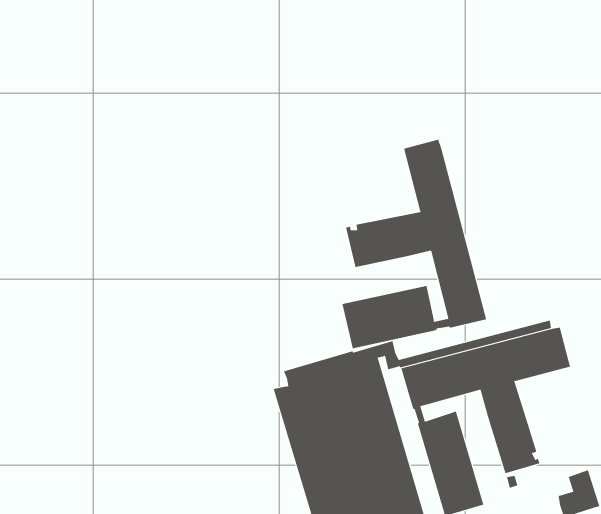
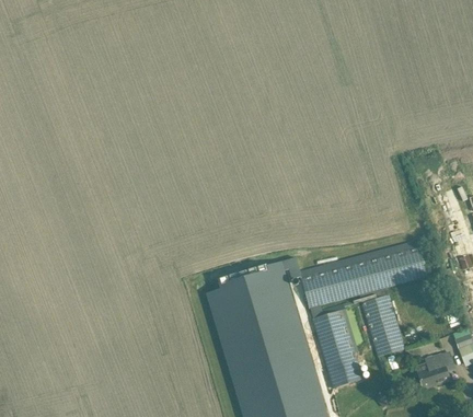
building: [342,139,487,349] -> none

